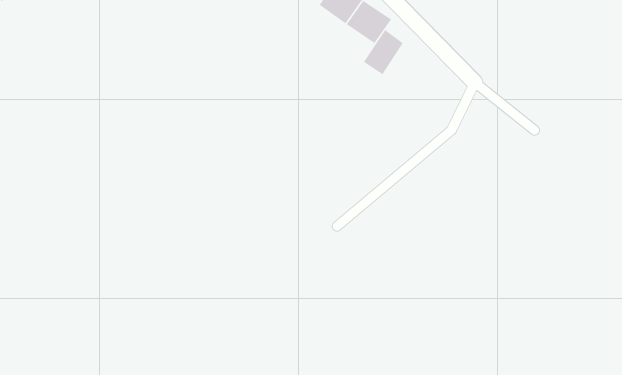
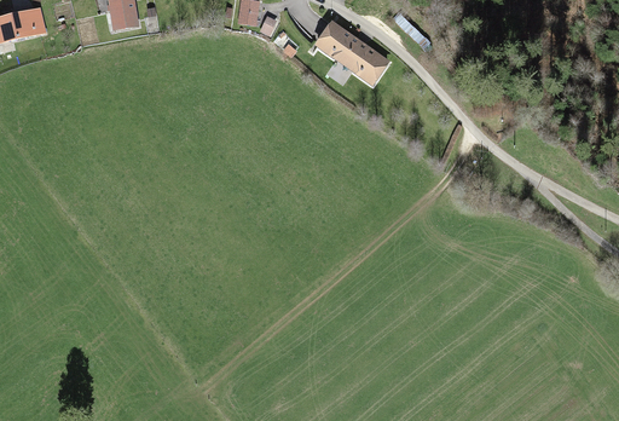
building: [363,29,404,75] -> none

